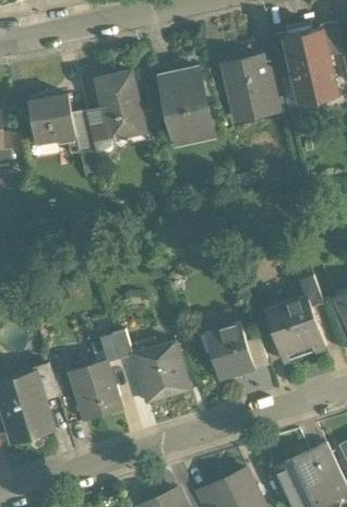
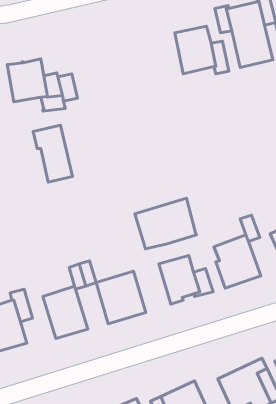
building: [159,68,212,140] -> none
building: [97,72,143,138] -> [33,125,73,182]
building: none -> [135,198,196,249]

